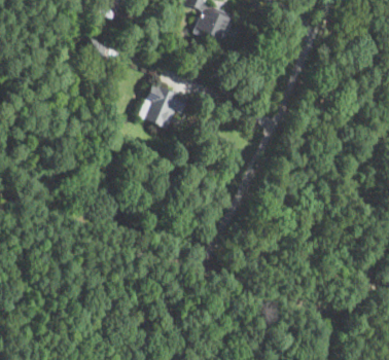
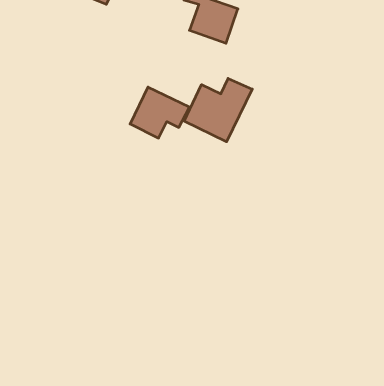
building: none -> [184,78,252,142]

